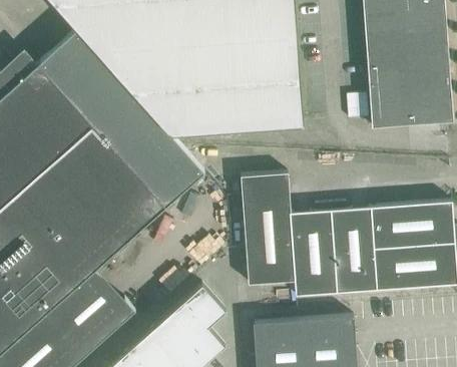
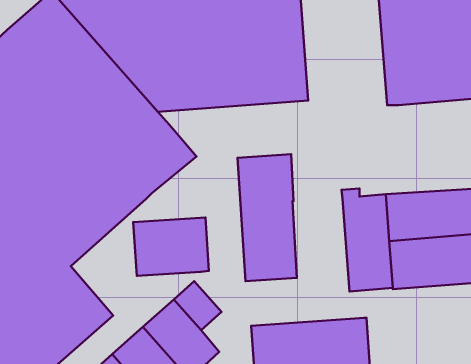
building: [289,203,339,295] -> none
building: none -> [133,217,209,276]

